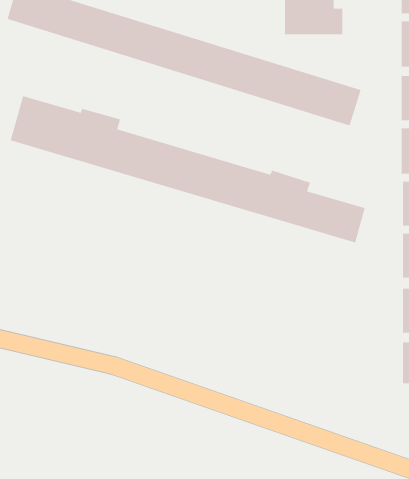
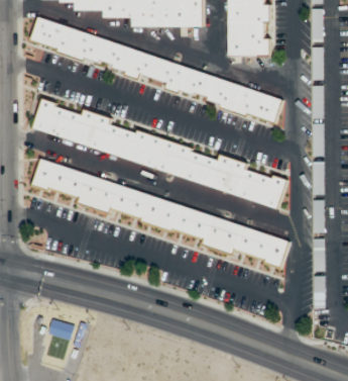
building: none -> [32,160,291,266]

